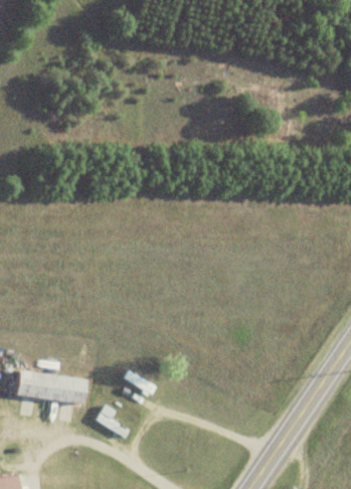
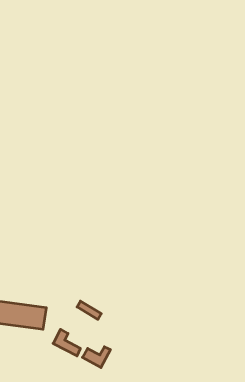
building: none -> [82,347,110,368]

